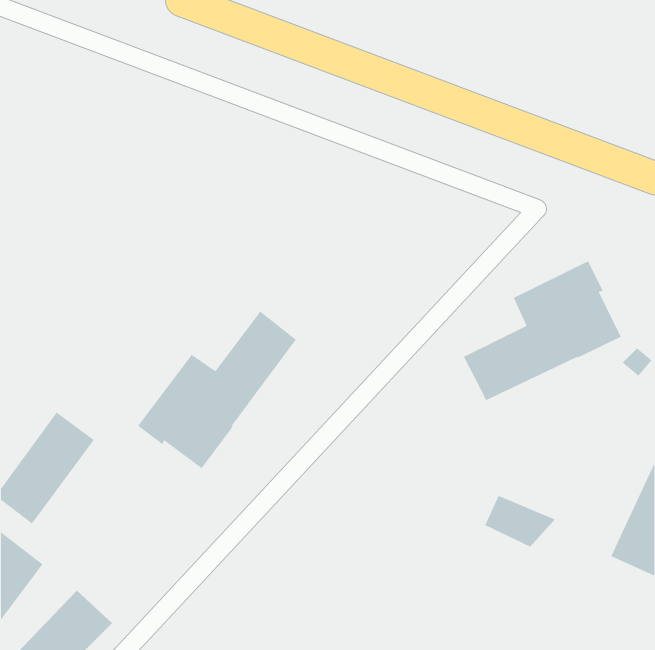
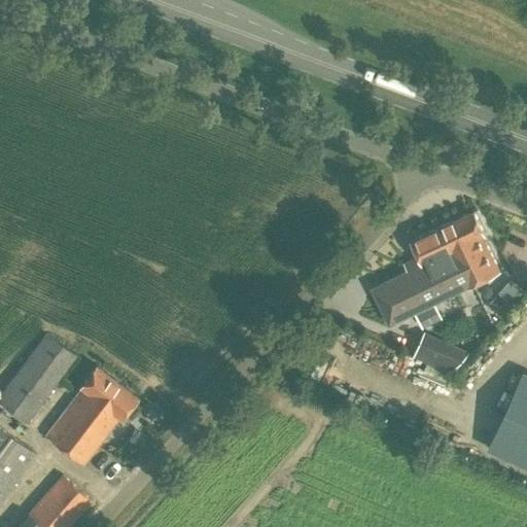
building: [137,310,297,469] -> none
building: none -> [45,368,137,466]
building: [484,495,556,547] -> [413,335,470,377]

